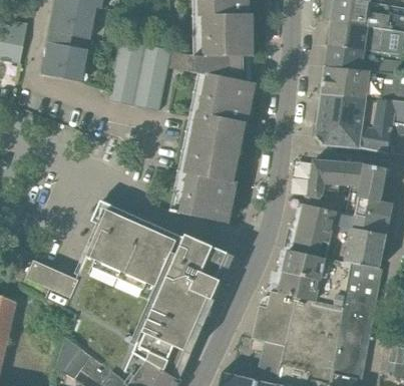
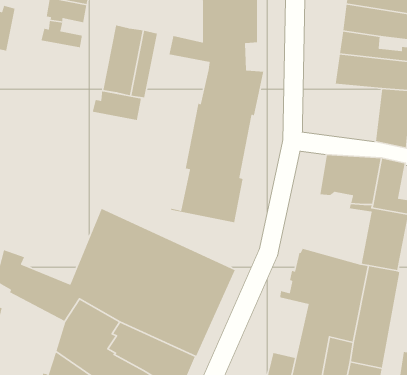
building: [40,54,86,82] -> [92,91,142,121]
building: [315,94,364,147] -> none
building: [291,204,354,261] -> none
building: [251,292,296,347] -> none

